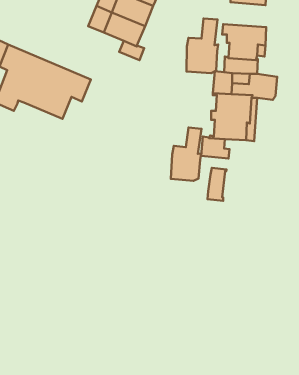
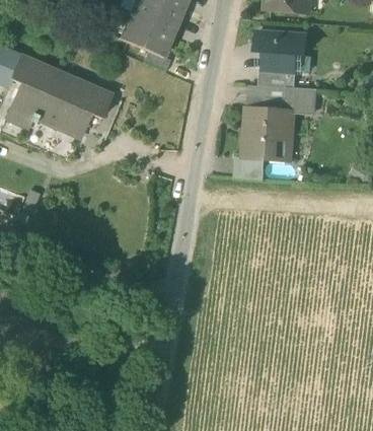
building: [186,19,218,73] -> none
building: [171,127,202,181] -> none
building: [208,168,226,201] -> none

